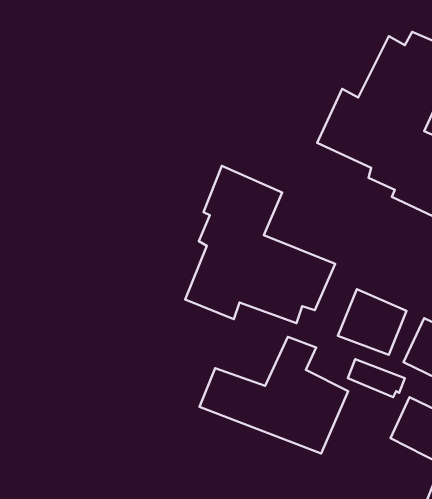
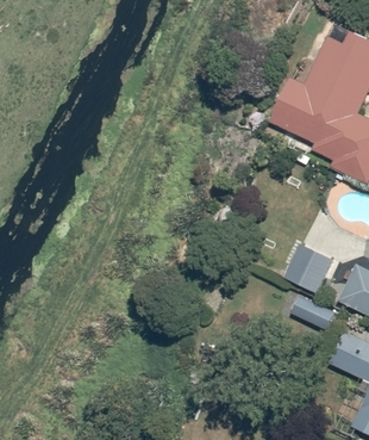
building: [185,166,335,323] -> none
building: [200,337,348,453] -> none

